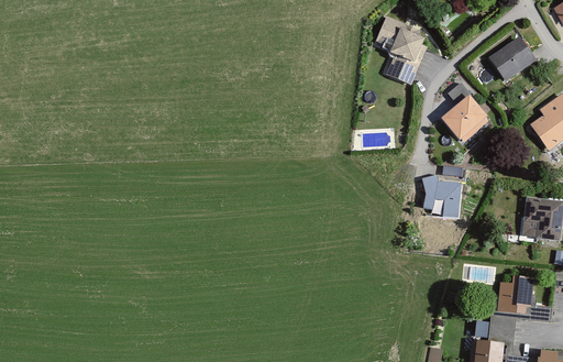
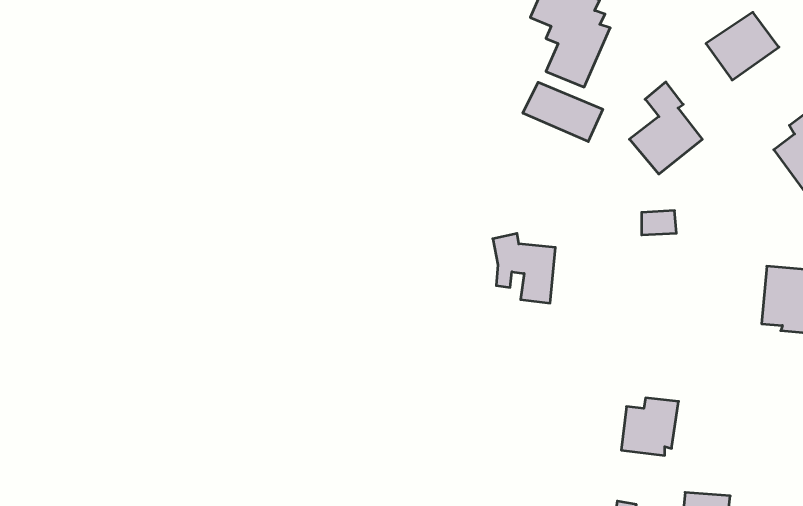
building: none -> [523,82,603,142]
building: [421,174,461,218] -> [493,233,555,303]
building: [497,276,533,312] -> [621,398,679,455]

